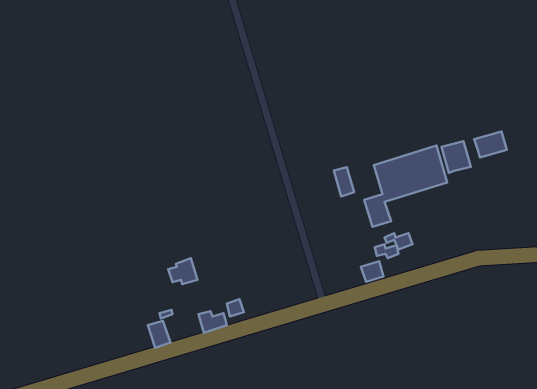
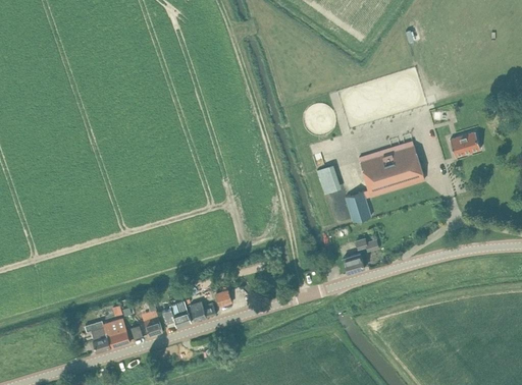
building: [442,141,471,173] -> none
building: [168,258,197,284] -> [162,301,190,326]
building: none -> [90,317,129,351]

